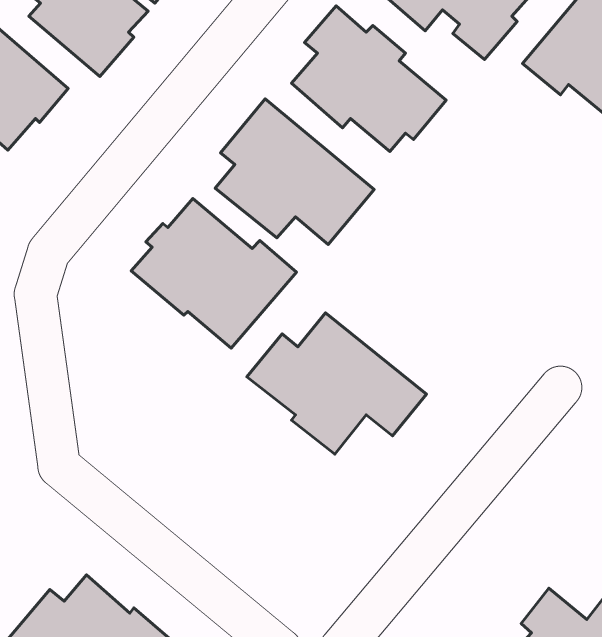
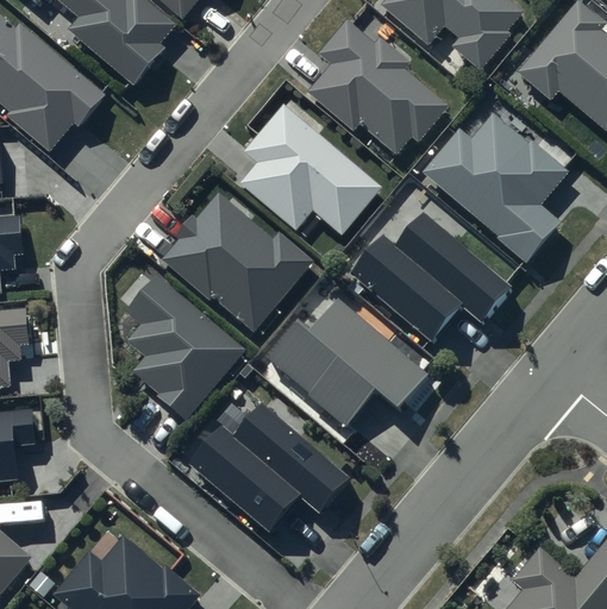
building: none -> [423,111,570,260]
building: none -> [351,213,512,339]
building: none -> [126,277,244,421]
building: none -> [189,404,350,529]

